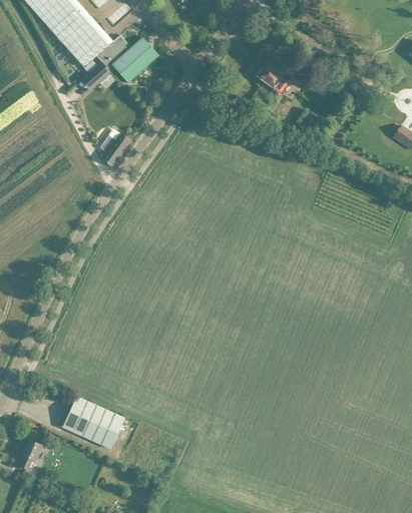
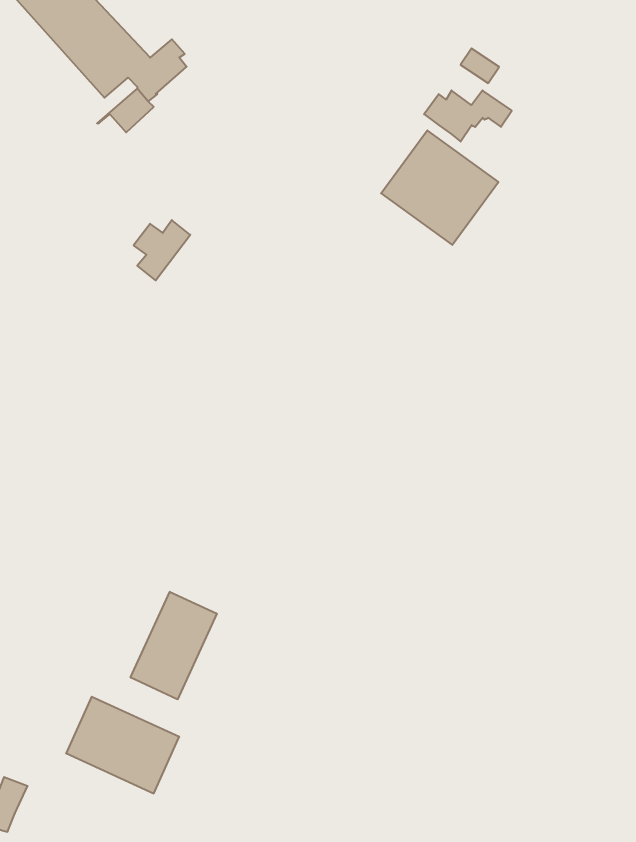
building: [111,37,158,82] -> none
building: none -> [381,130,498,245]
building: none -> [131,592,217,699]

